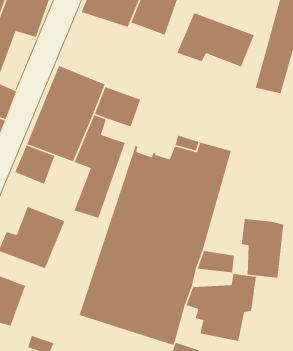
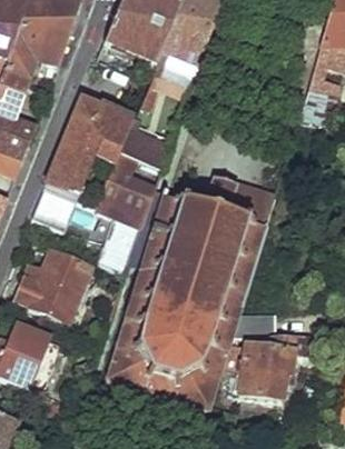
building: [176,12,255,68] -> none
building: [241,218,284,278] -> none

